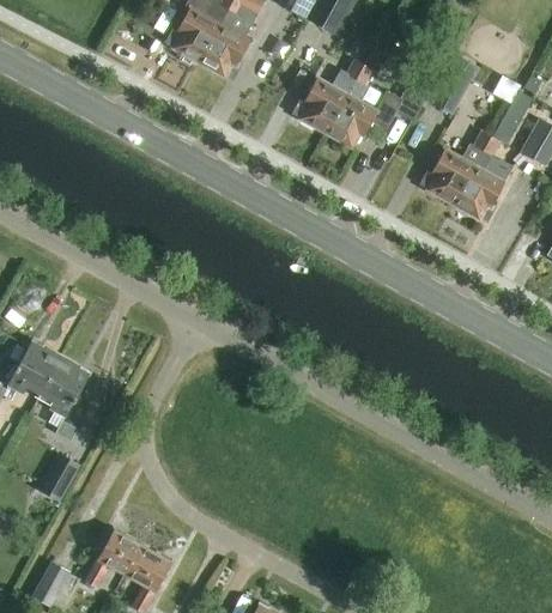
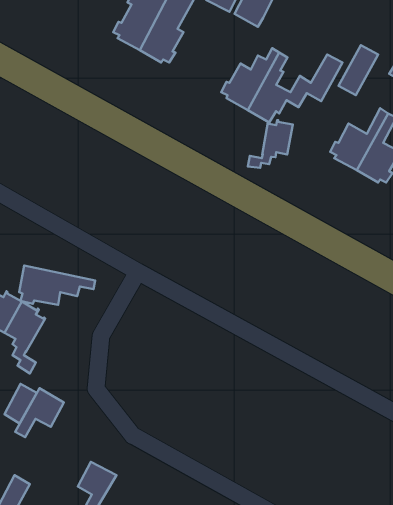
building: none -> [248,120,293,168]
building: none -> [19,266,95,305]
building: [84,530,141,588] -> [15,388,64,437]

